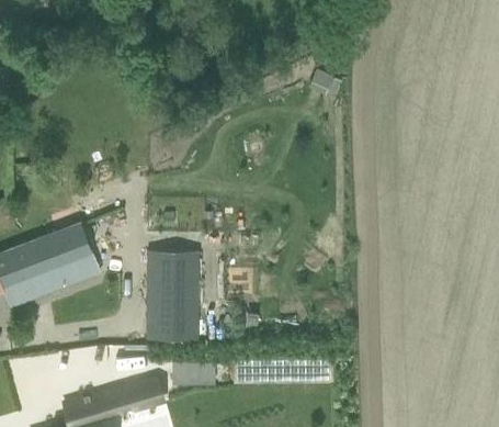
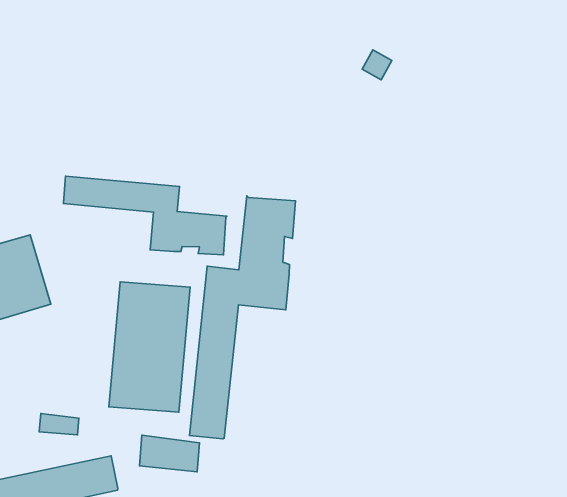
building: none -> [63,176,227,255]
building: none -> [190,196,296,439]

